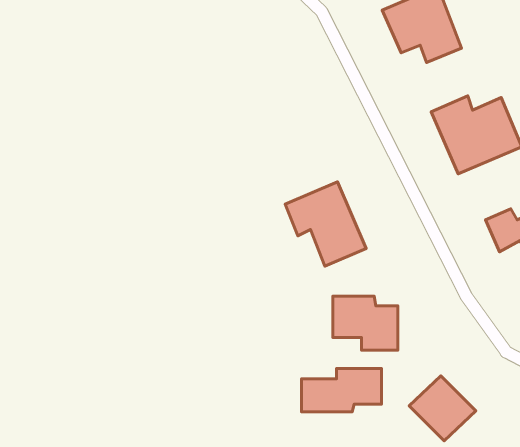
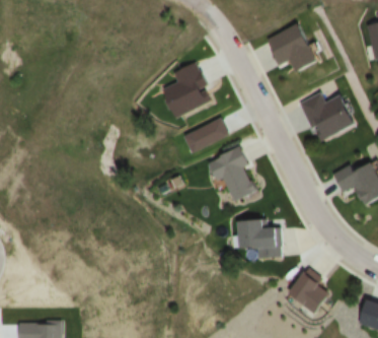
building: none -> [165,61,214,118]
building: none -> [181,118,227,153]
building: [302,369,381,412] -> none

